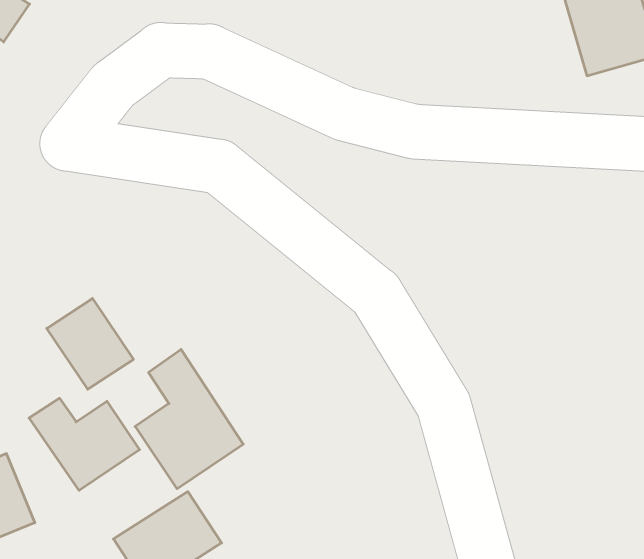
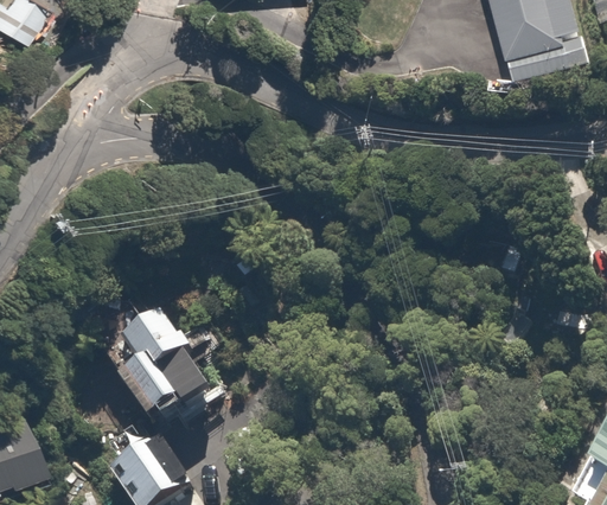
building: [47,298,133,389] -> none
building: [29,398,140,490] -> none

